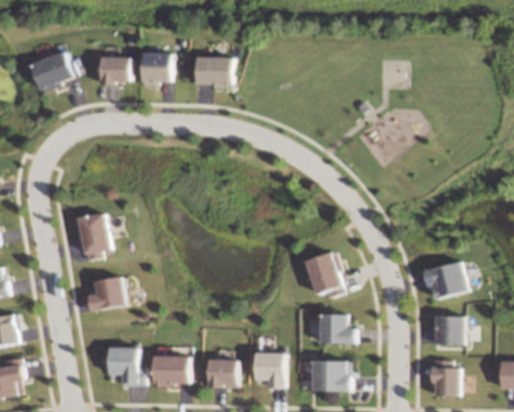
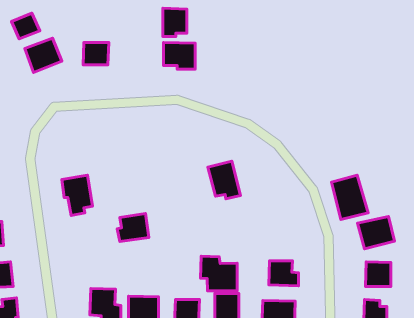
building: none -> [11,13,40,39]
building: [142,53,171,86] -> [163,8,187,36]
building: none -> [331,175,368,220]
building: [306,252,344,297] -> [208,161,240,199]
building: [88,277,125,310] -> [117,213,149,242]
building: none -> [200,256,237,291]

